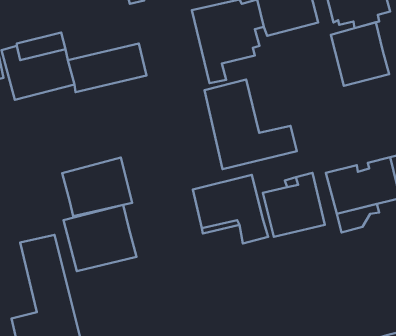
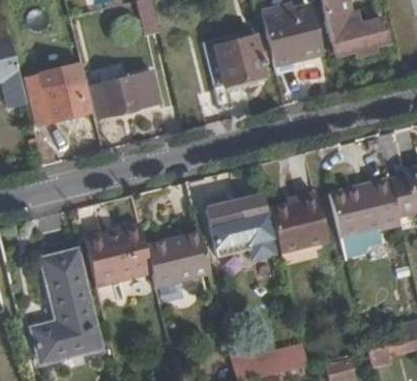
building: [331,22,389,86] -> none
building: [204,80,297,169] -> none
building: [62,158,132,216] -> [145,231,210,286]

